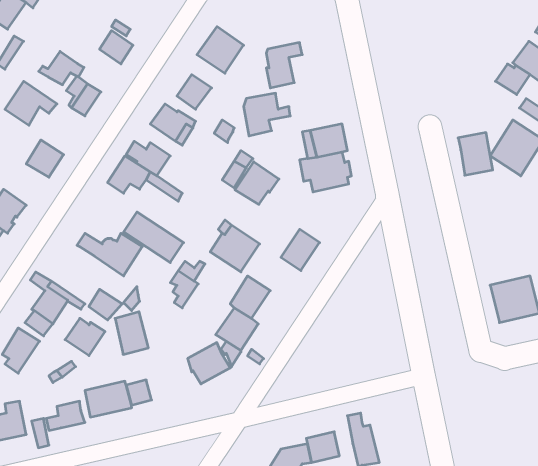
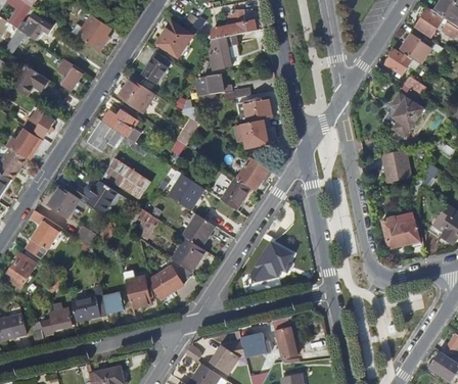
building: none -> [211,8,264,39]
building: [39,51,84,85] -> [16,13,51,39]
building: [458,133,493,175] -> [379,150,406,183]
building: [235,162,279,204] -> [237,156,271,189]
building: none -> [12,130,41,158]
building: none -> [247,239,292,282]
building: [115,312,148,354] -> [125,275,150,307]
building: [65,318,105,356] -> [47,187,78,215]

